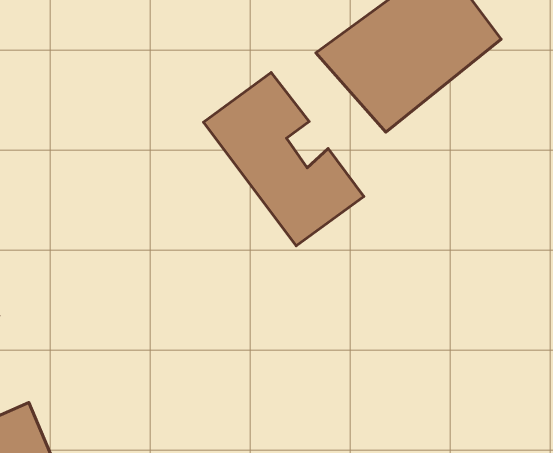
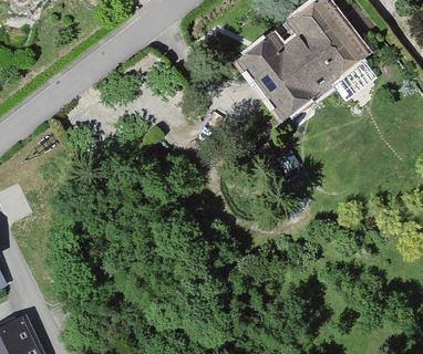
building: [203,73,364,246] -> none

